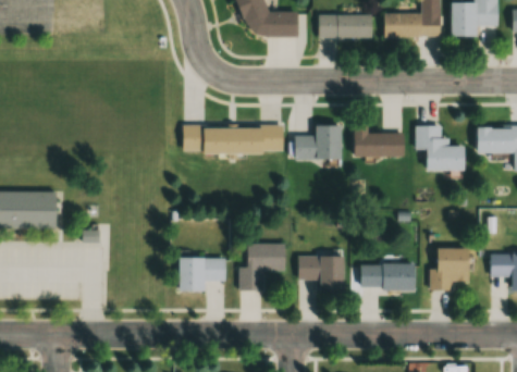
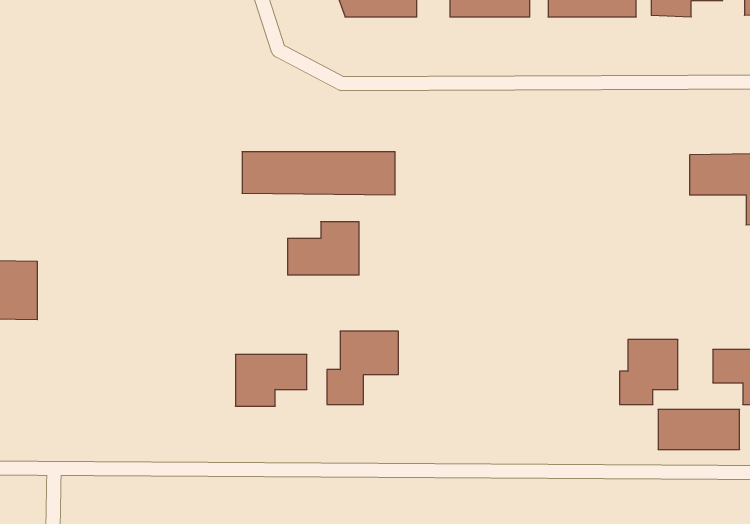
building: [294,125,341,160] -> [288,222,359,275]
building: [354,125,405,157] -> none
building: [416,125,465,171] -> none
building: [298,256,344,292] -> none
building: [361,264,415,290] -> [658,409,740,449]

